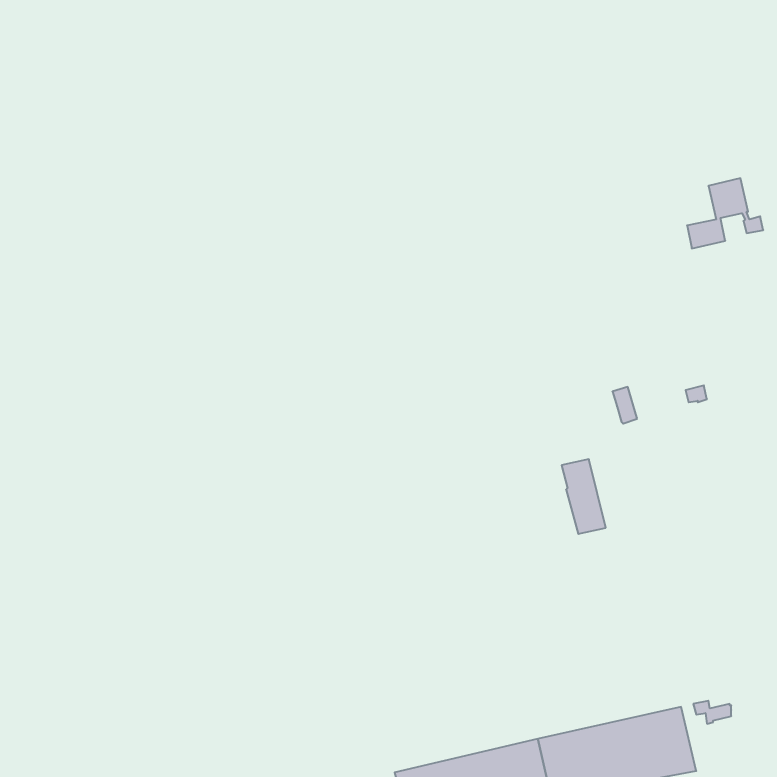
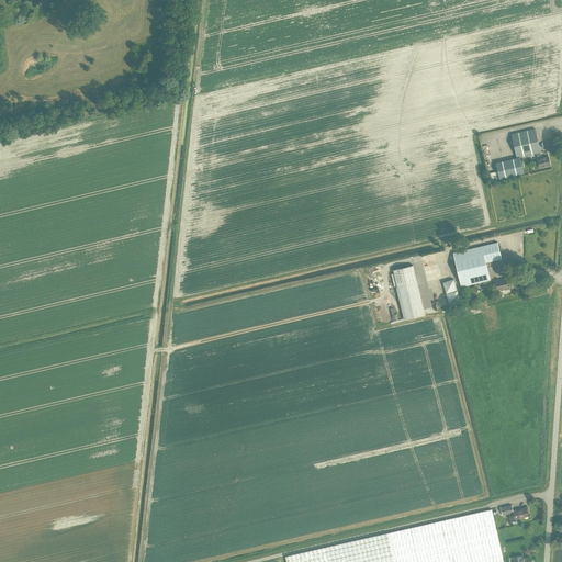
building: none -> [452,244,501,288]
building: [562,459,606,534] -> [392,267,424,321]

